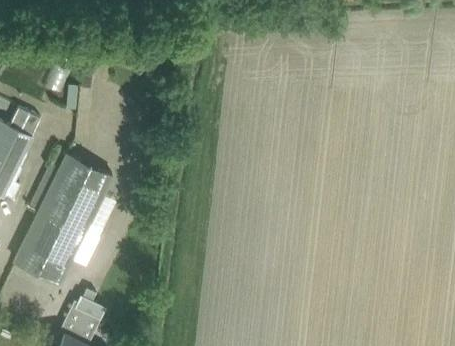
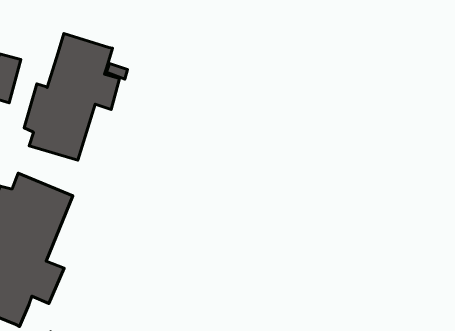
building: none -> [24,34,120,160]

